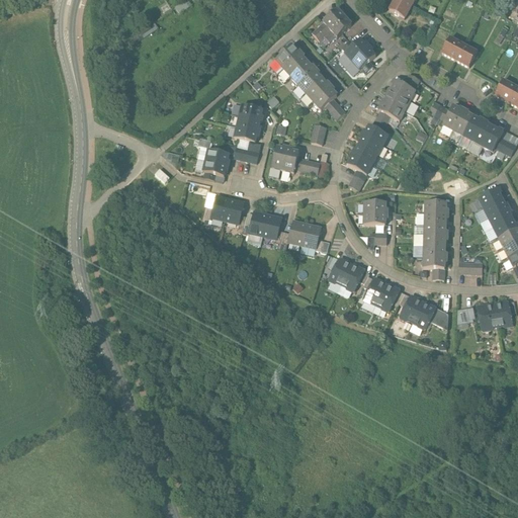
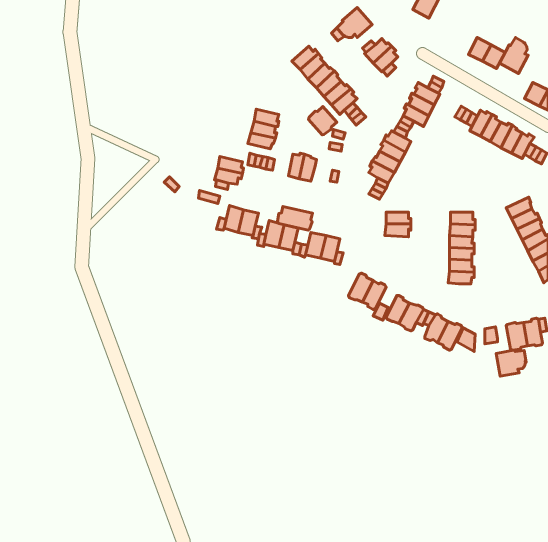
building: none -> [499,38,528,74]
building: none -> [308,107,337,135]
building: none -> [278,206,312,230]
building: none -> [496,350,526,376]

